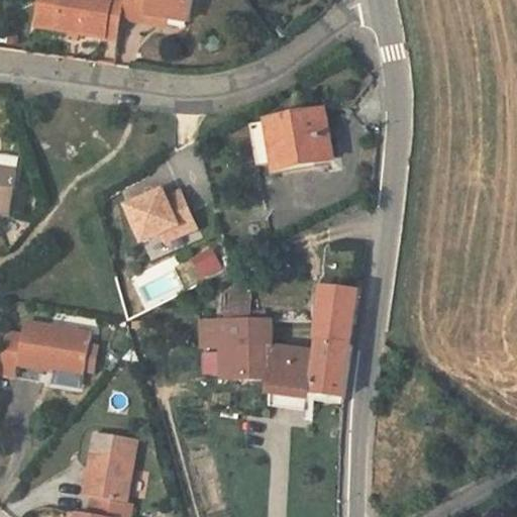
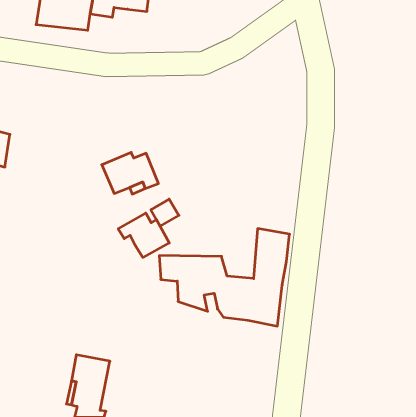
building: [244,111,333,177] -> none
building: none -> [118,213,169,257]
building: [15,321,88,370] -> none

